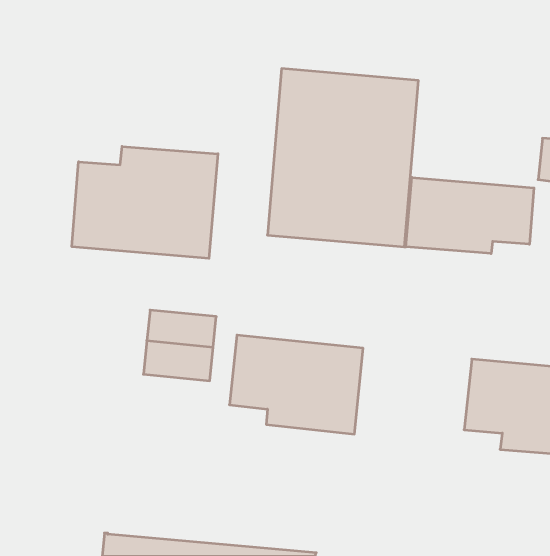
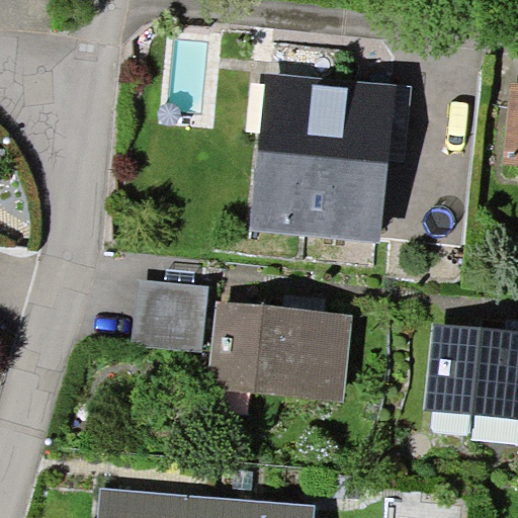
building: [72,146,218,258] -> none
building: [406,177,534,254] -> none

